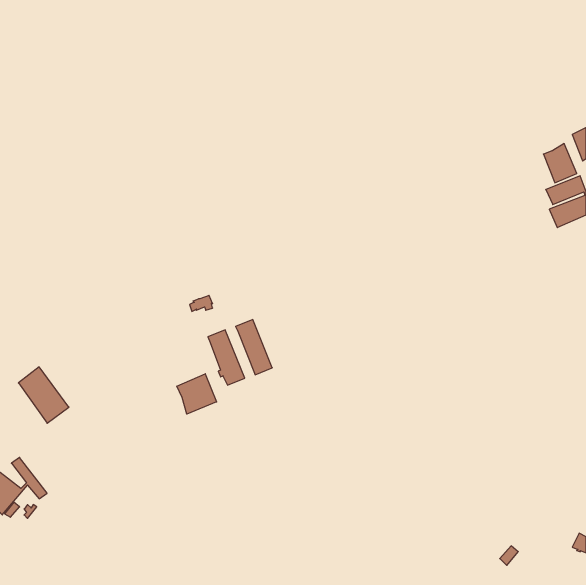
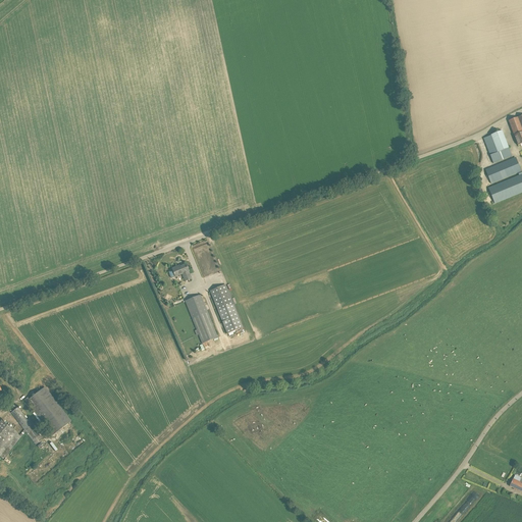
building: [18,367,69,423] -> [25,384,70,434]
building: [177,374,217,414] -> none

